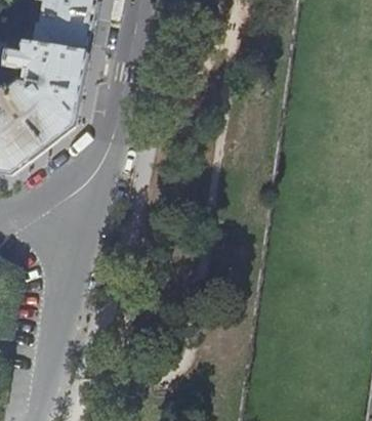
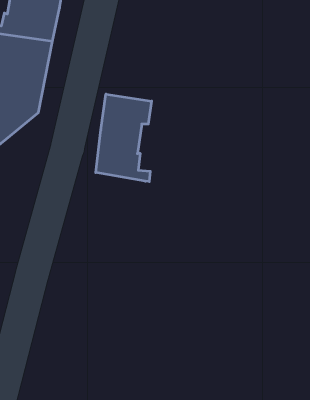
building: none -> [96,94,152,182]

